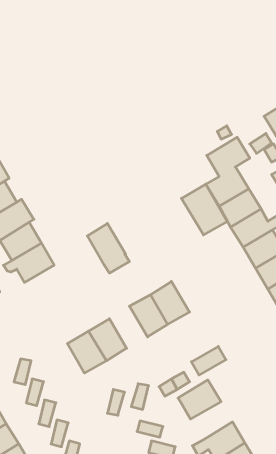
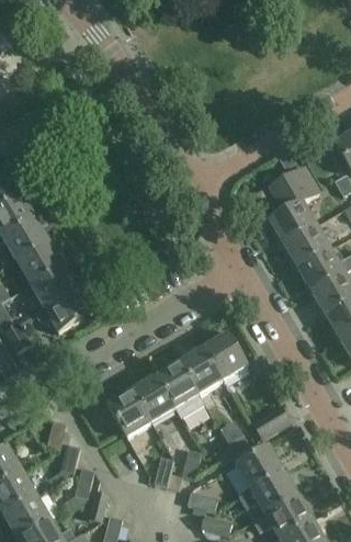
building: [181,184,227,235] -> none
building: [87,223,129,273] -> [156,359,204,416]
building: none -> [238,468,297,512]

